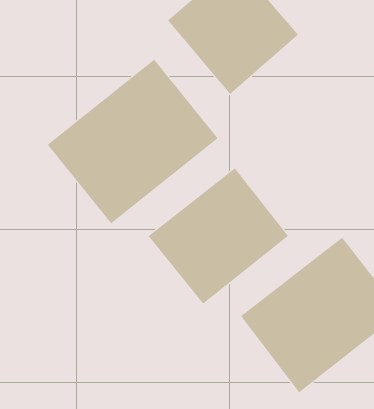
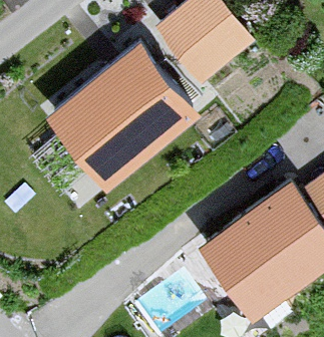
building: [148,168,289,304] -> none

